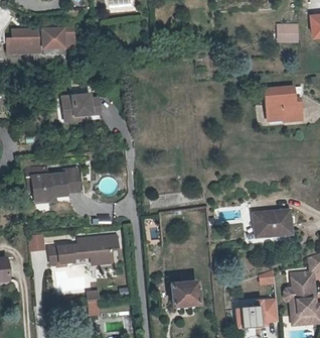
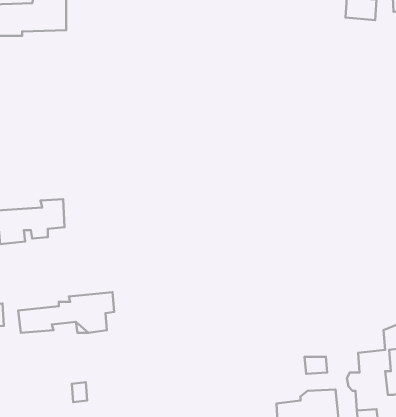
building: [256,88,299,123] -> none
building: [57,93,95,114] -> none
building: [247,211,283,239] -> none
building: [164,283,191,308] -> none

